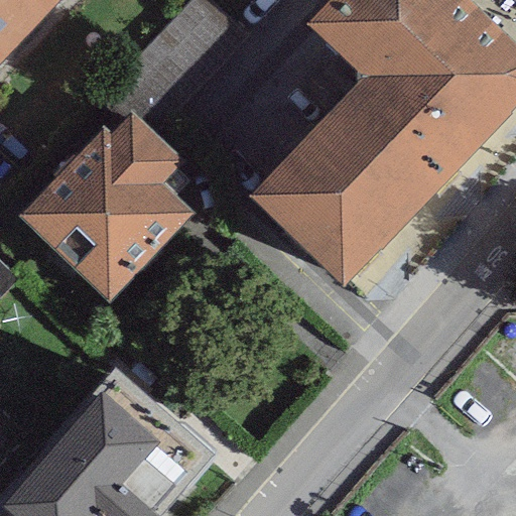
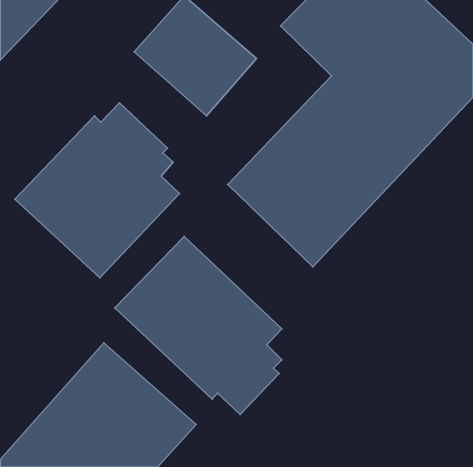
building: none -> [115,236,282,415]

